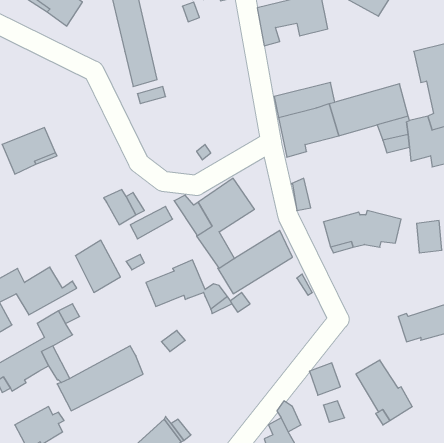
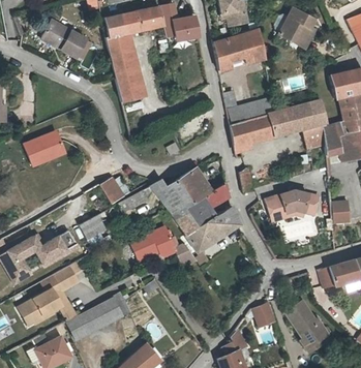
building: none -> [185,183,228,227]

